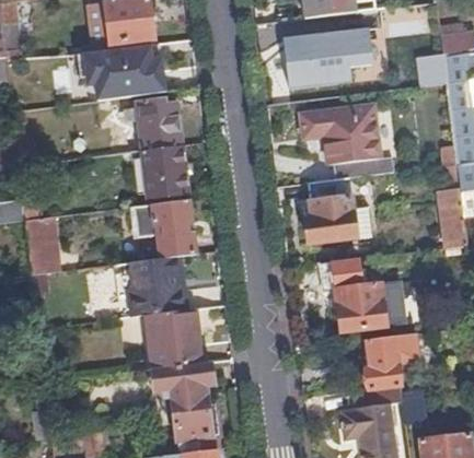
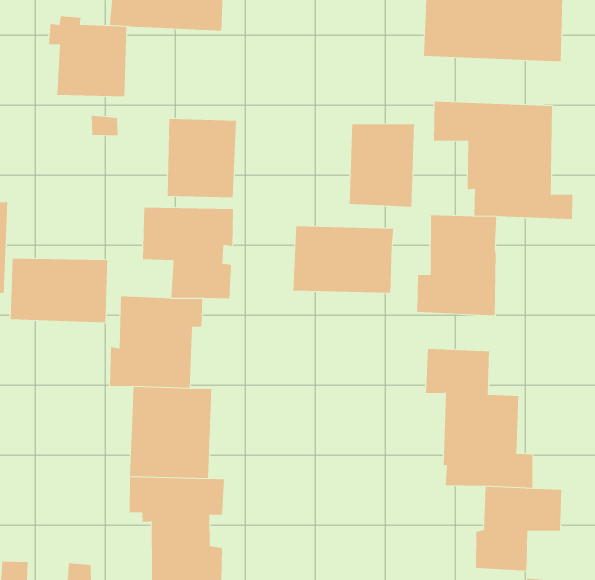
building: [130,99,183,149] -> [48,16,127,97]
building: none -> [349,123,414,207]
building: none -> [293,226,394,294]
building: none -> [10,258,108,323]

